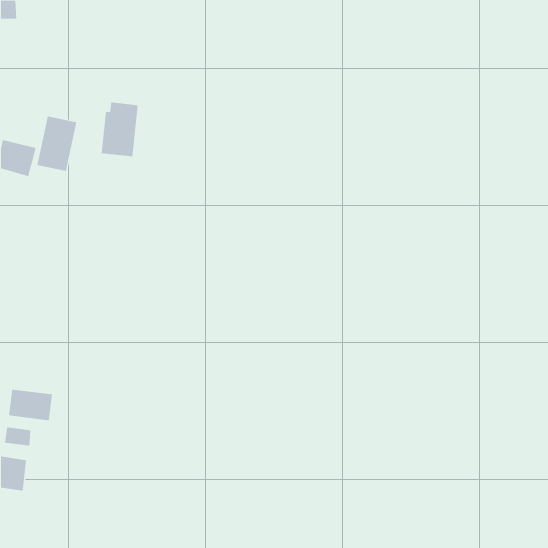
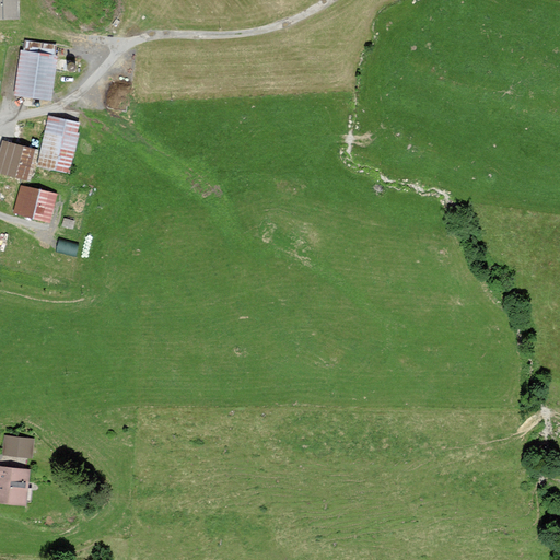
building: [101,102,138,157] -> [16,43,55,98]
building: none -> [15,187,56,221]
building: [8,389,53,421] -> none

